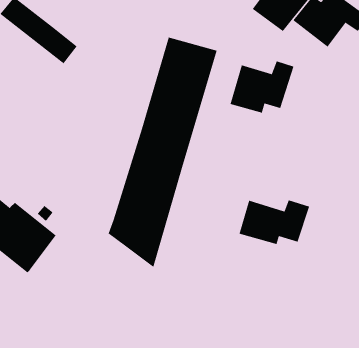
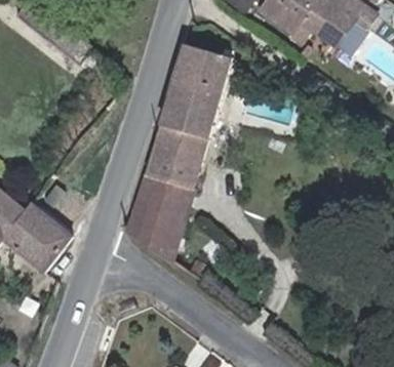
building: [230,60,294,114] -> none
building: [239,200,310,245] -> none

